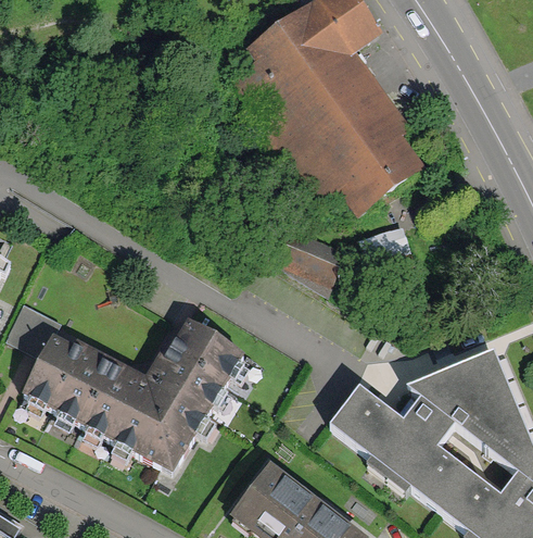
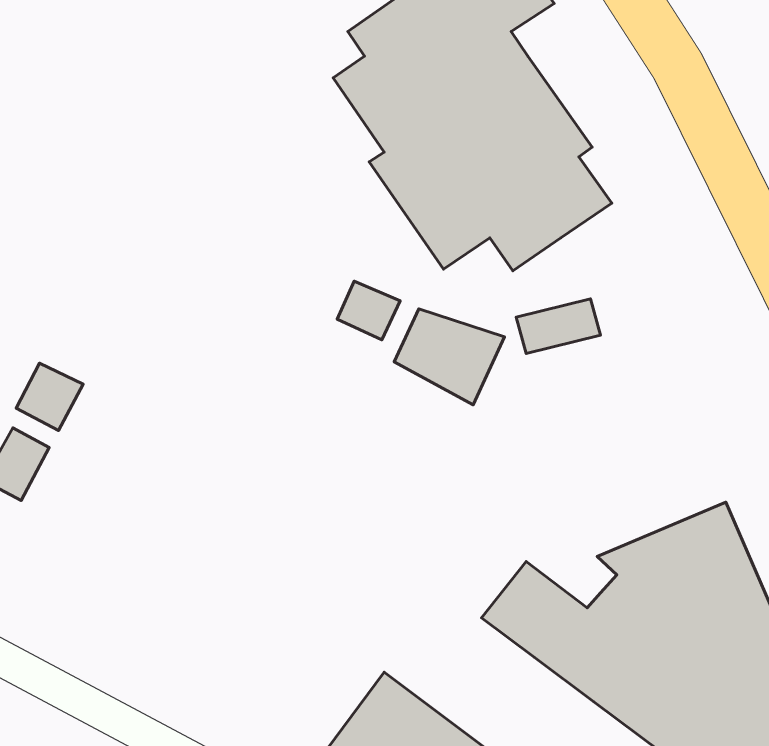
building: none -> [337,281,400,340]
building: none -> [16,363,83,431]
building: [26,325,239,468] -> none

